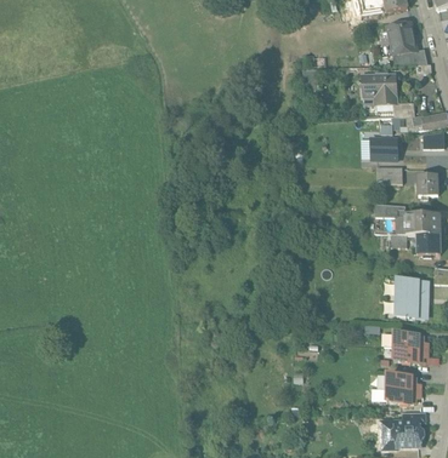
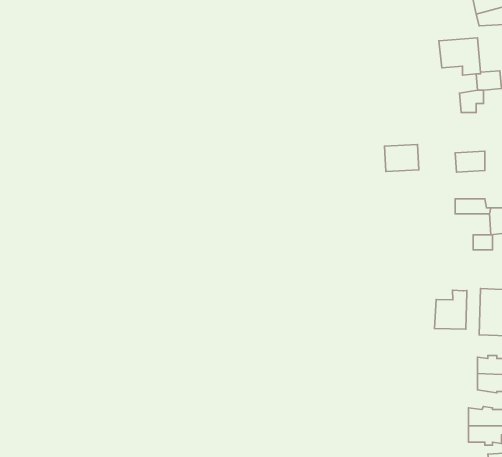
building: [370,138,398,160] -> [385,145,419,171]
building: none -> [434,290,467,329]

